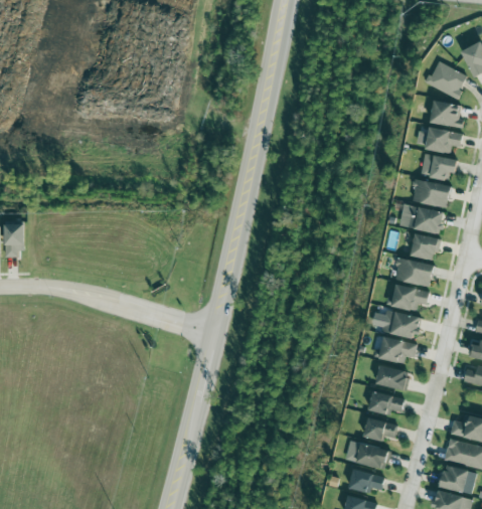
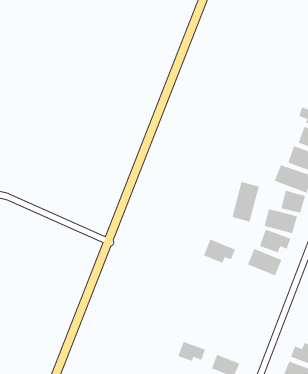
building: none -> [232,181,259,222]
building: [379,337,418,364] -> [203,239,236,263]
building: [375,365,410,391] -> none
building: [368,391,405,416] -> none
building: [364,418,397,442] -> [177,341,206,362]

